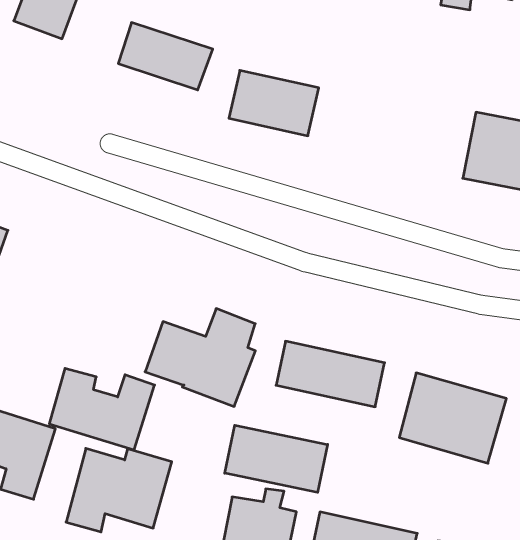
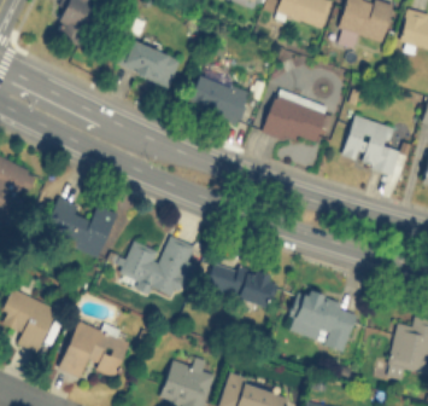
building: none -> [263,91,335,147]
building: [49,368,155,450] -> [45,198,117,256]
building: [225,425,328,492] -> none

